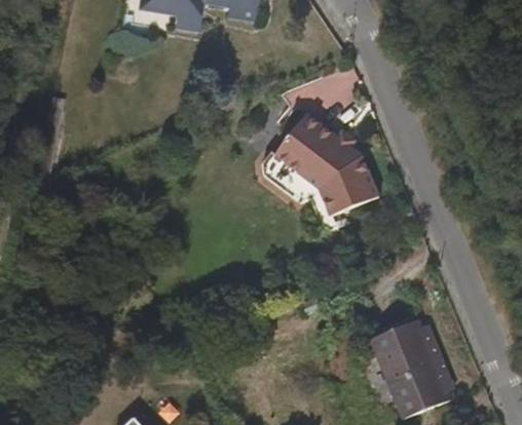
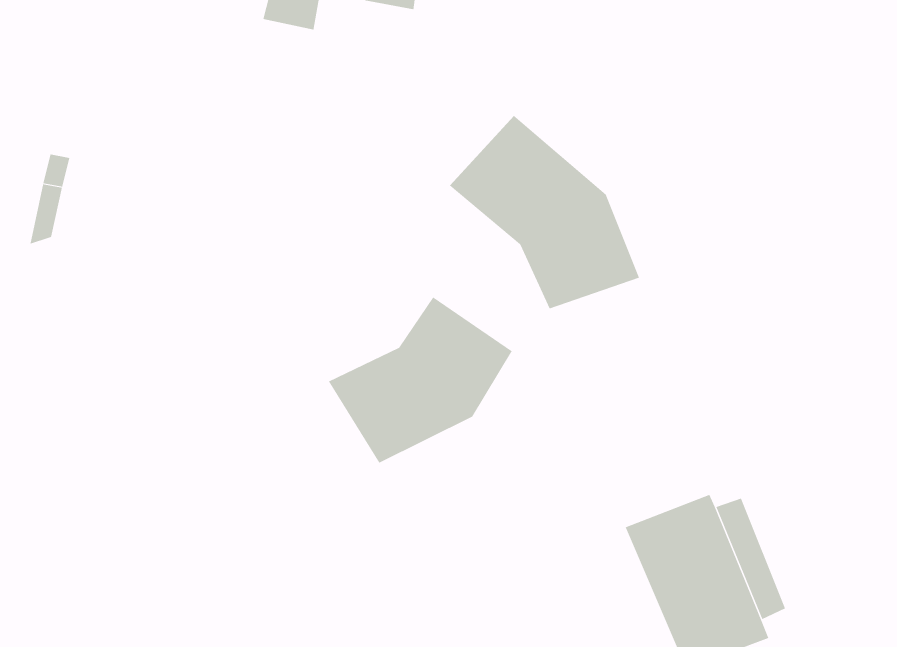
building: none -> [328,296,512,464]

